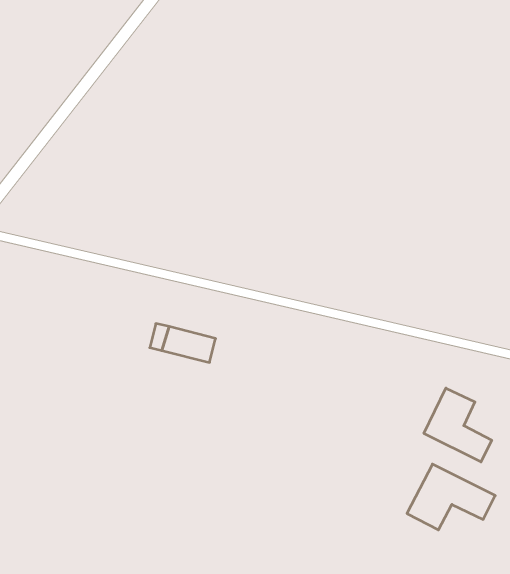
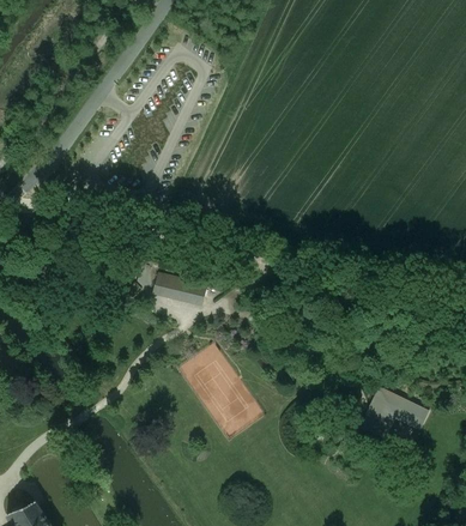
building: [424,388,492,462] -> none

